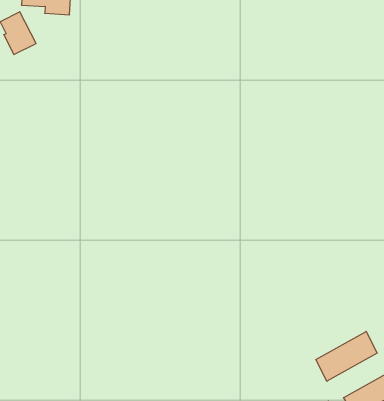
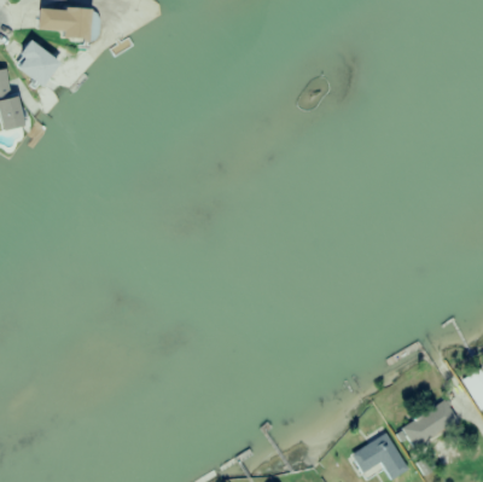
building: [316,331,377,381] -> none

